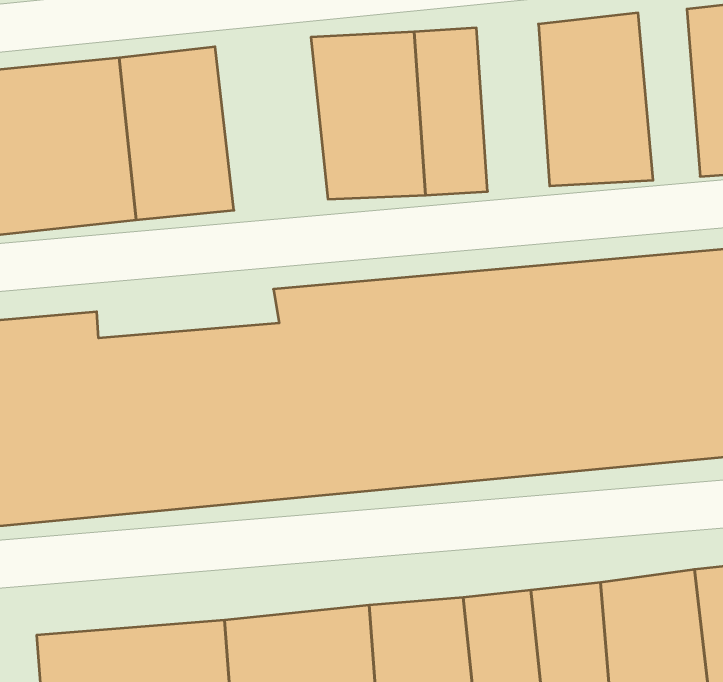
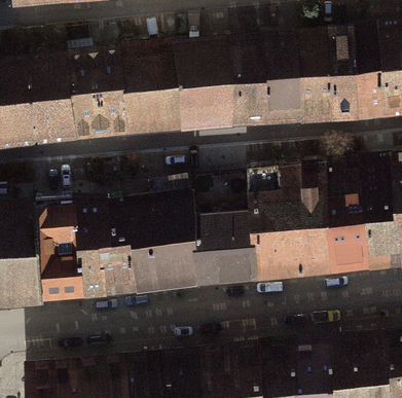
building: none -> [351,25,385,118]
building: none -> [262,33,302,124]
building: none -> [119,40,181,135]

